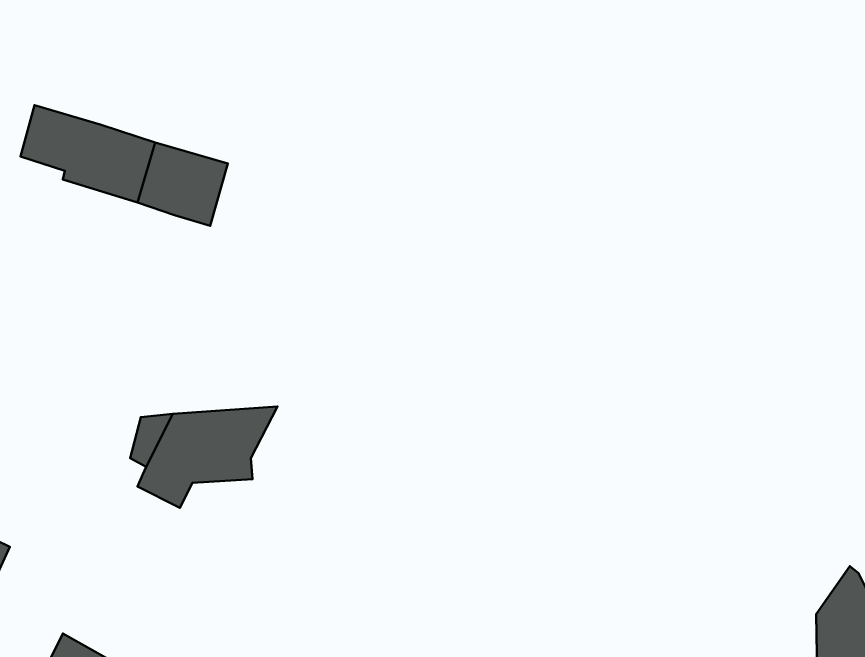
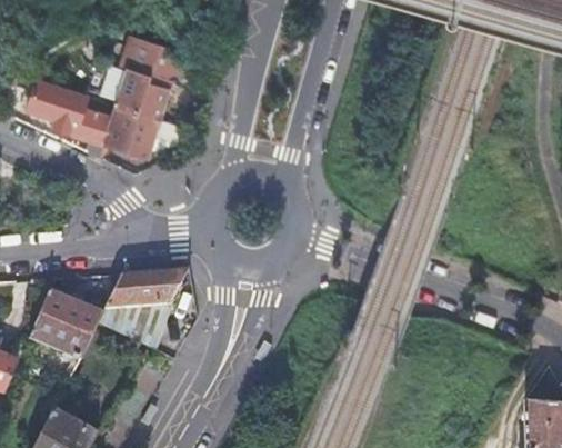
building: none -> [111,37,165,118]
building: none -> [29,287,103,361]

